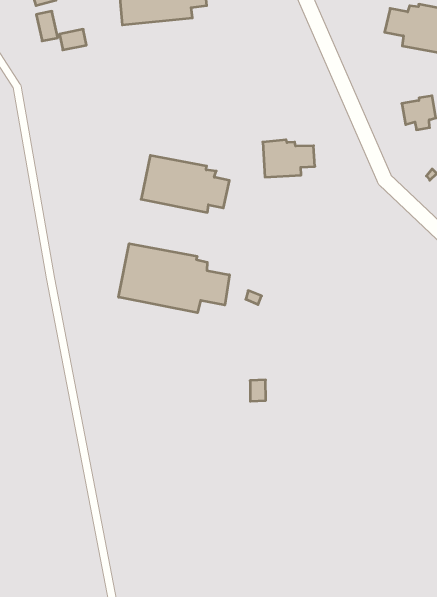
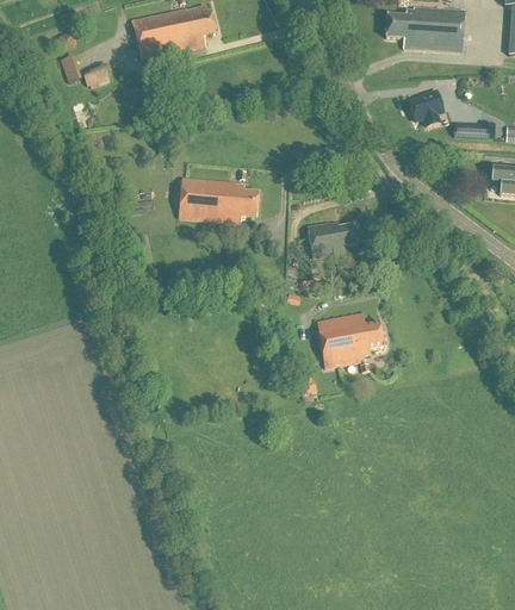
building: [263,140,315,177] -> [306,220,358,257]
building: [119,244,229,313] -> none
building: none -> [316,312,384,367]

